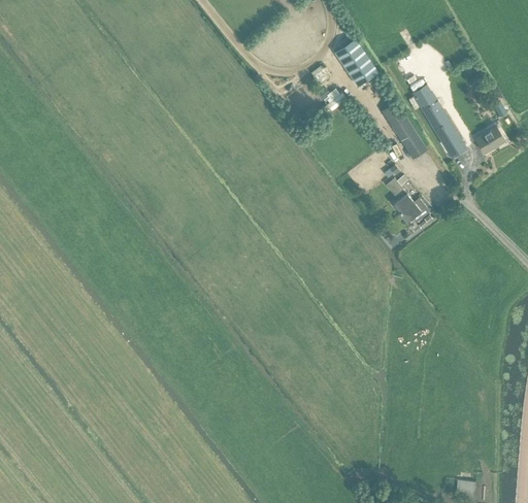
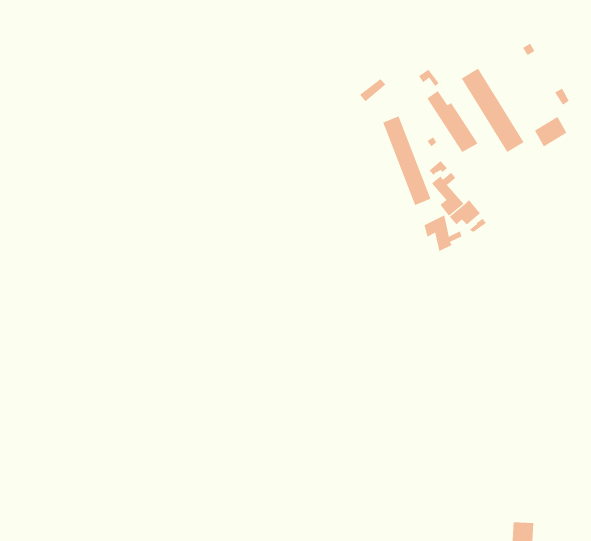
building: [334,37,378,85] -> none
building: none -> [382,116,431,206]
building: none -> [424,215,462,252]

